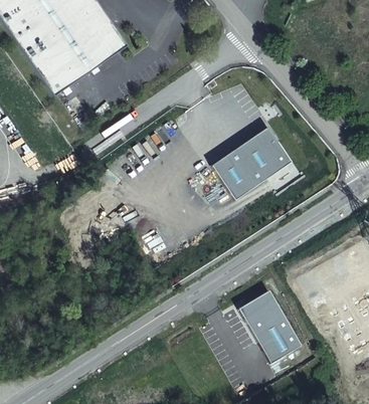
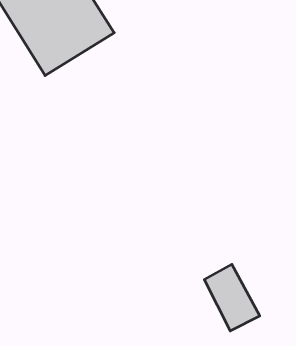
building: [212,127,293,200] -> none

